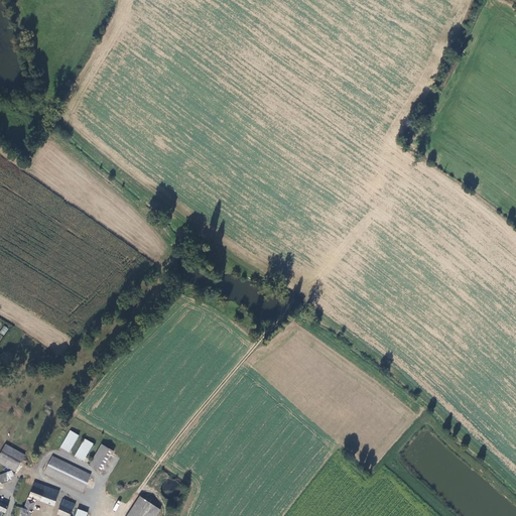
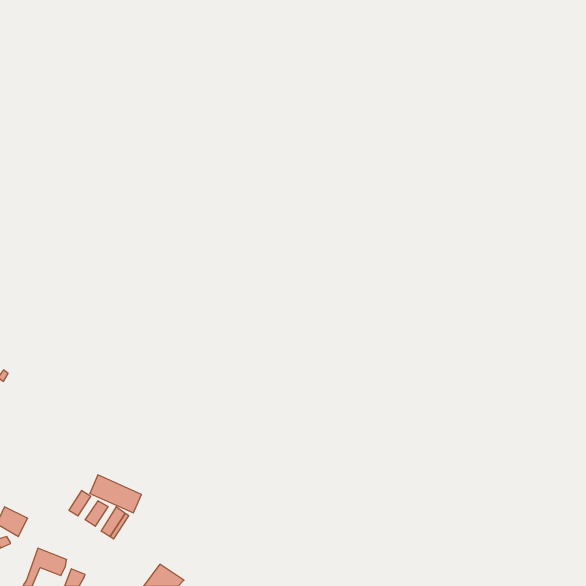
building: [44,458,90,491] -> [90,475,141,513]

